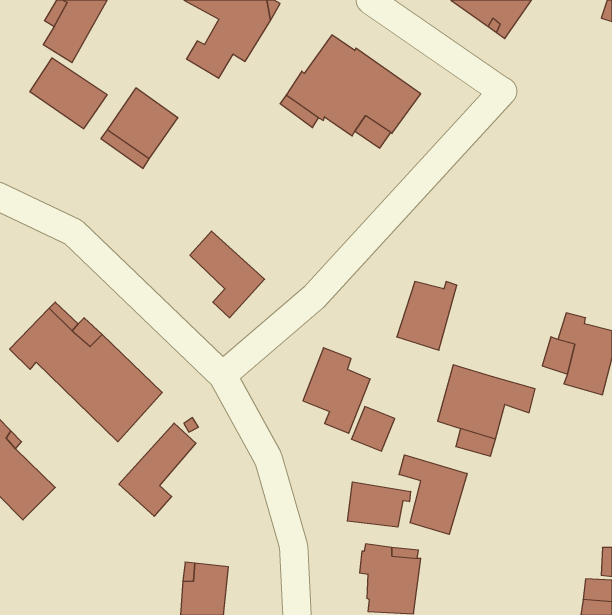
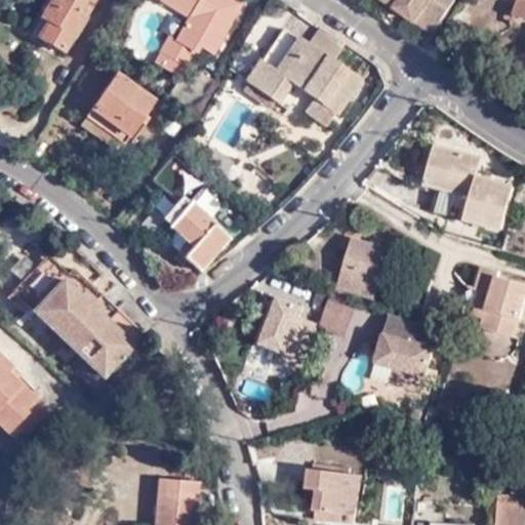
building: [30,58,107,129] -> none
building: none -> [423,147,513,230]
building: [351,407,395,451] -> [318,296,355,334]
building: [119,423,196,516] -> none
building: [399,455,467,534] -> none
building: [347,482,411,527] -> none

